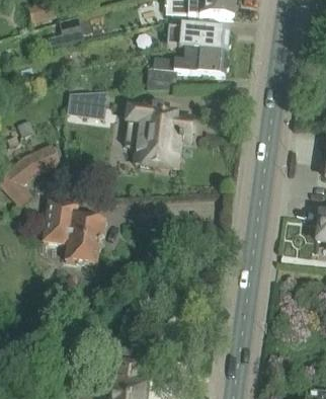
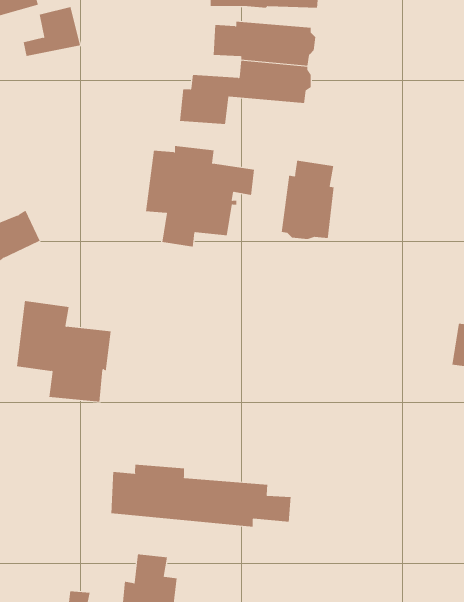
building: [67,87,108,114] -> none
building: none -> [281,160,334,240]
building: none -> [111,464,291,528]

